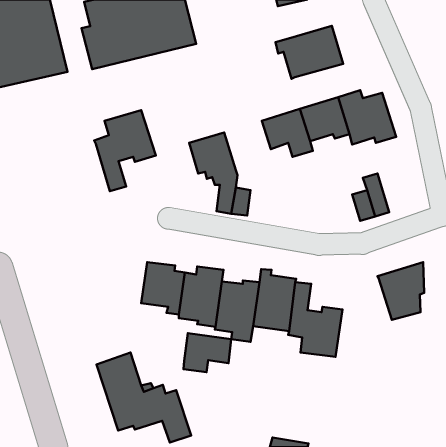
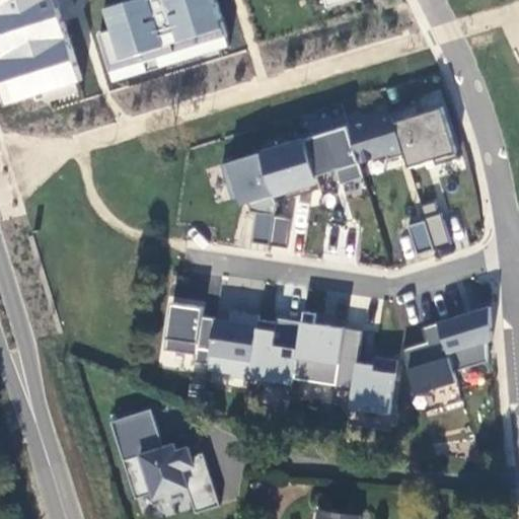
building: [276,26,343,79] -> none
building: [94,110,156,191] -> none
building: none -> [260,140,318,197]
building: none -> [400,321,456,394]
building: [183,333,231,372] -> none

